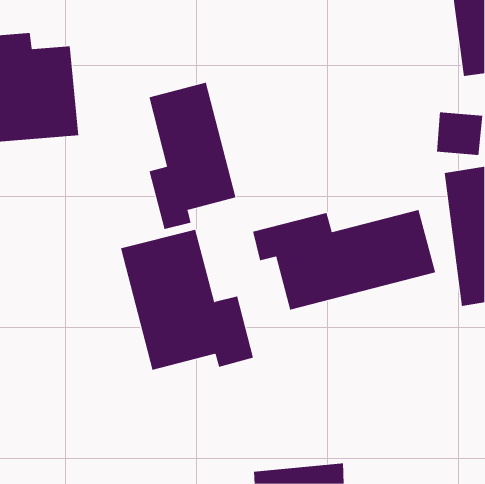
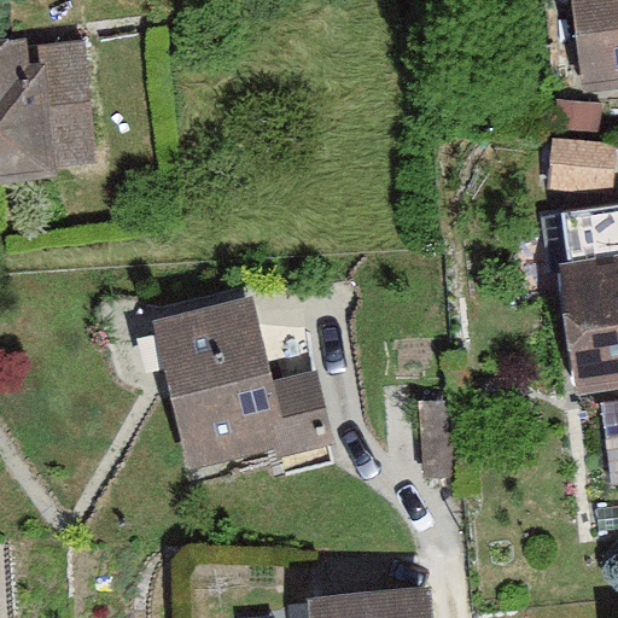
building: [149,82,236,230] -> none
building: [253,209,436,310] -> none

